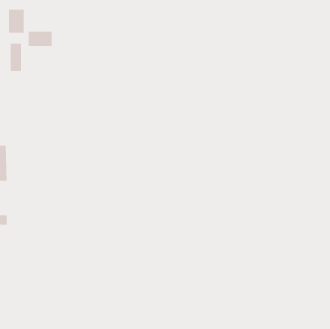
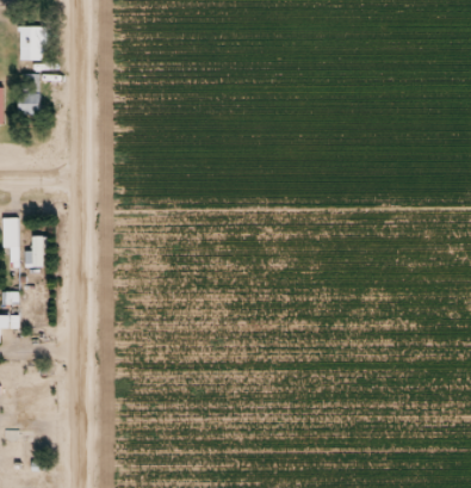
building: [28,31,52,47] -> none
building: none -> [24,237,47,268]

